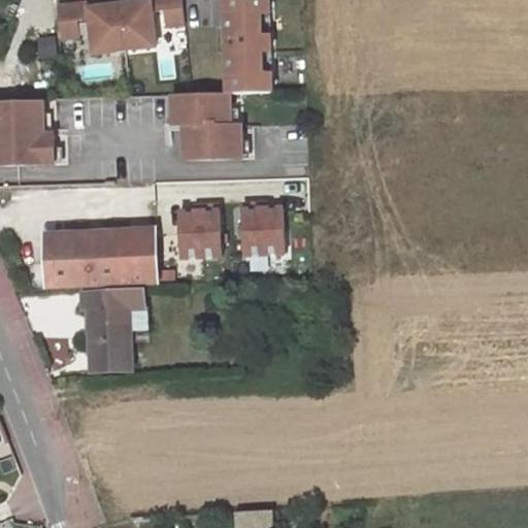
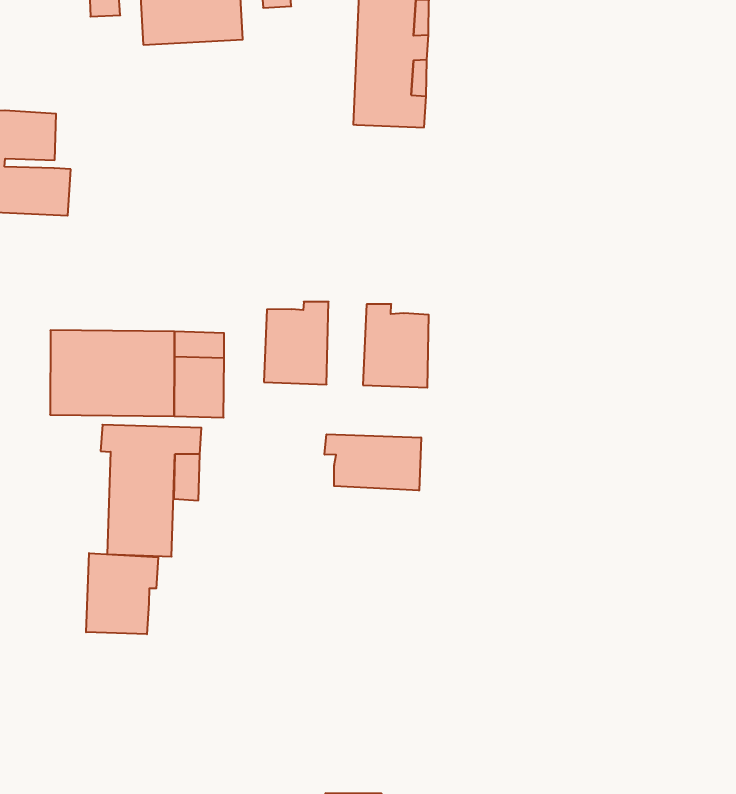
building: [171,93,240,160] -> none
building: none -> [325,434,421,491]
building: none -> [86,553,158,634]

